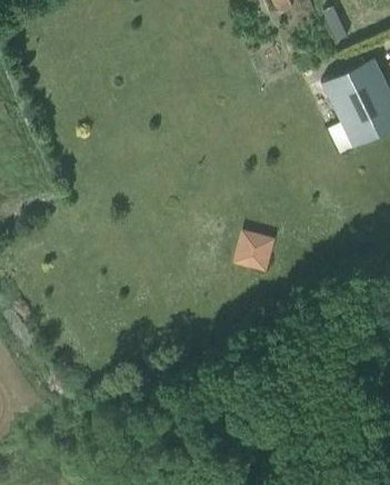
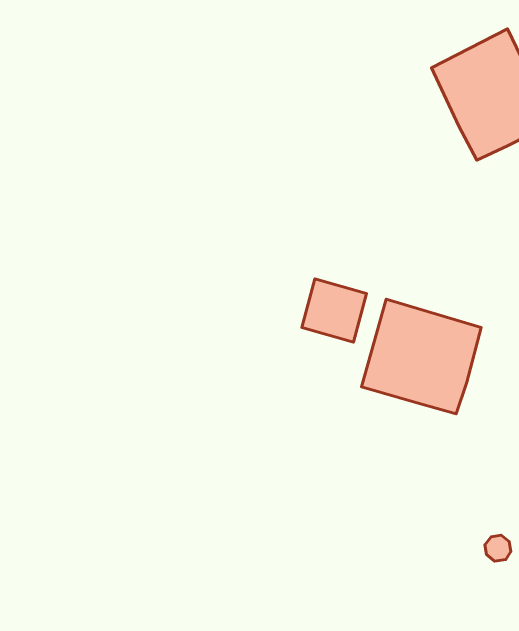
building: none -> [362,299,481,414]

